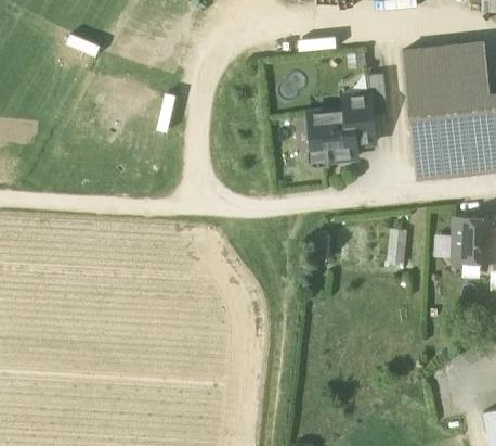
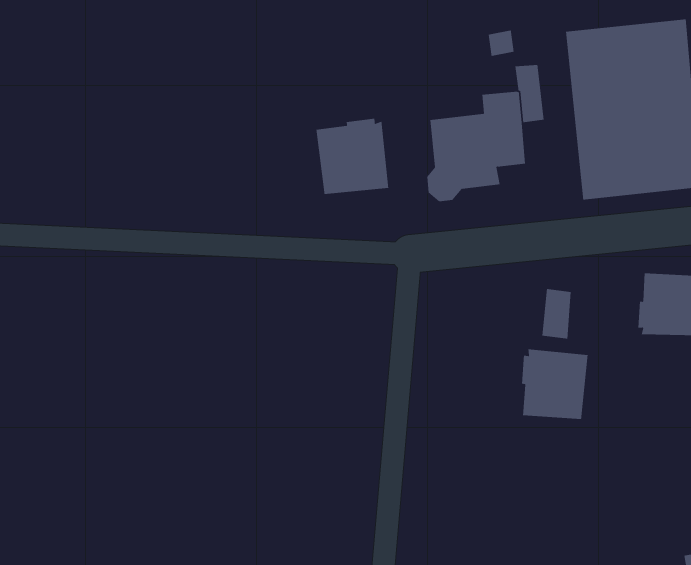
building: none -> [316,118,389,195]
building: none -> [522,348,588,420]

